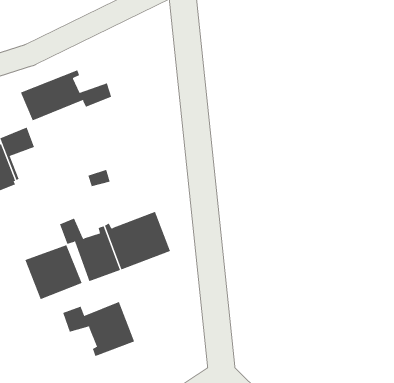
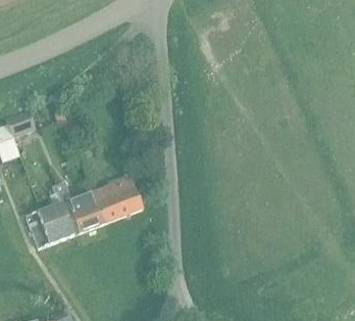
building: [20,69,112,121] -> none
building: [62,301,135,357] -> none

